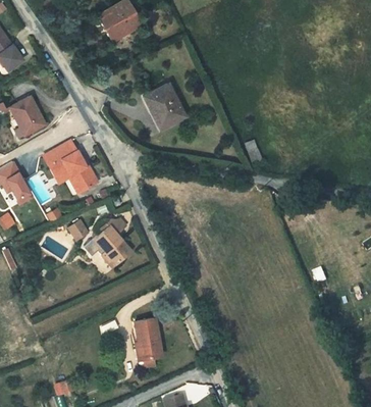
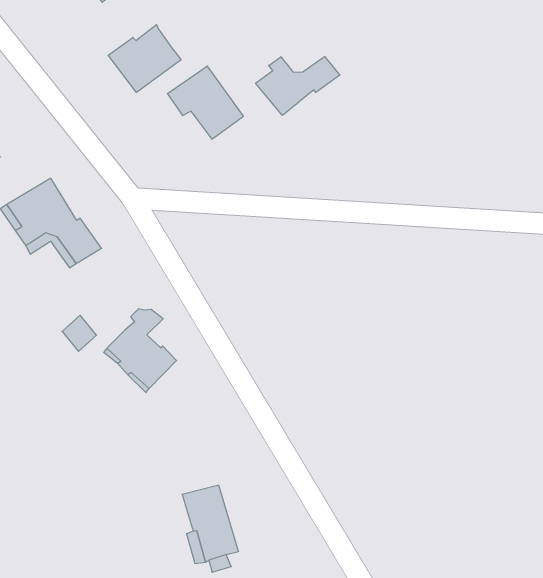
building: none -> [108,25,181,92]
building: none -> [256,57,340,115]

